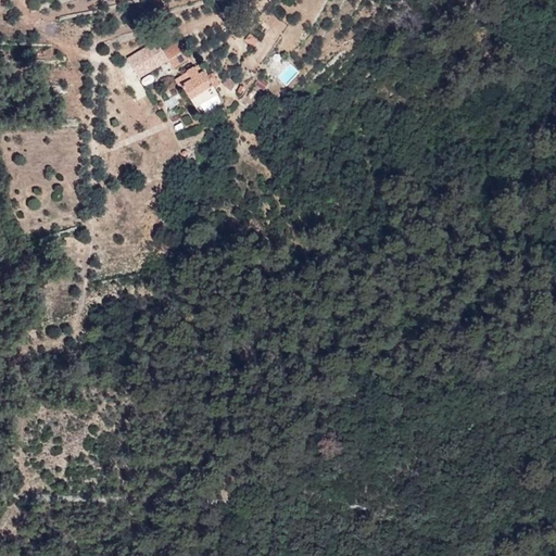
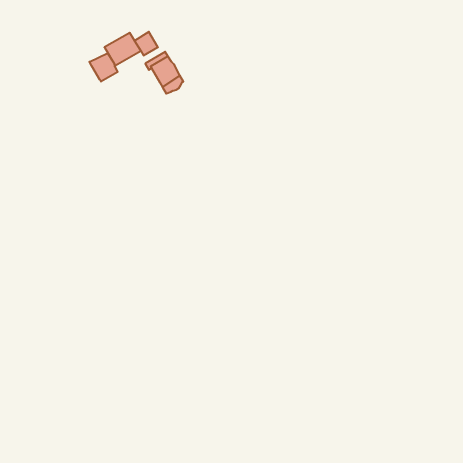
building: none -> [89,53,118,82]

